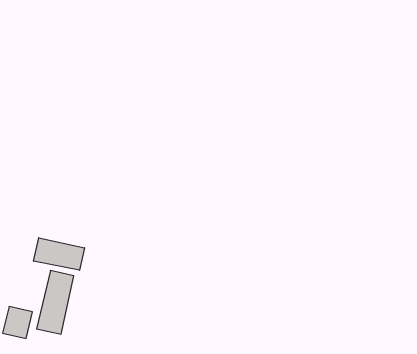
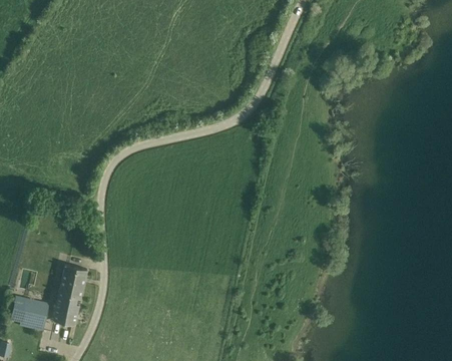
building: [34,238,84,270] -> none

